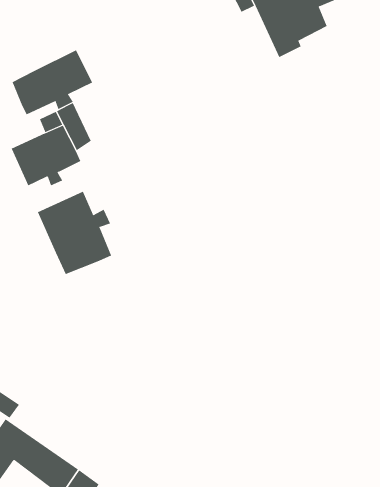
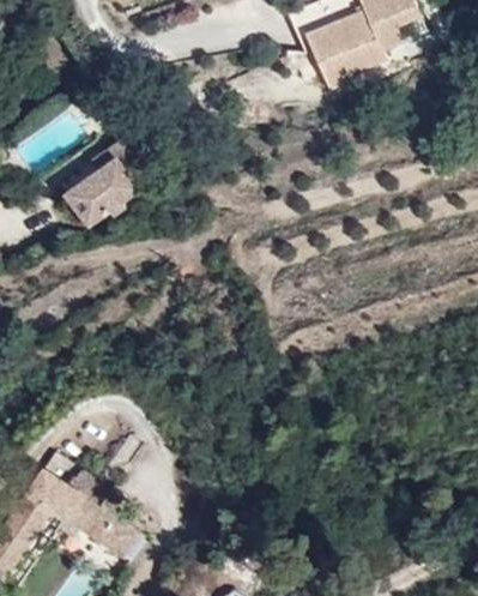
building: [12,50,93,115] -> none
building: [37,191,112,275] -> none

